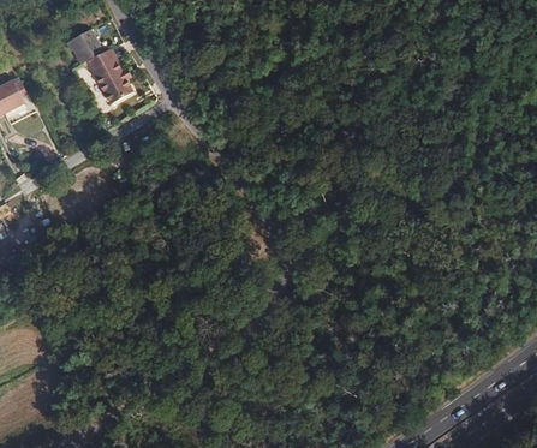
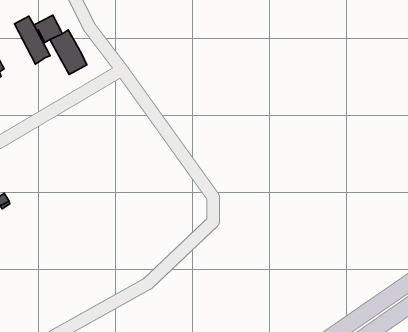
building: none -> [14,16,50,64]

